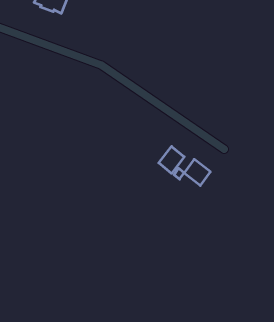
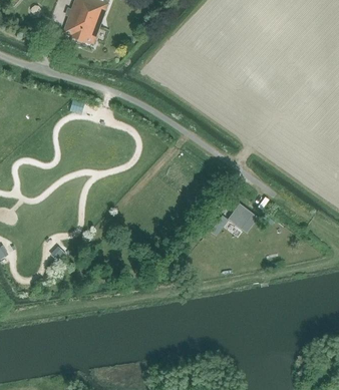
building: [159,146,184,173] -> none

